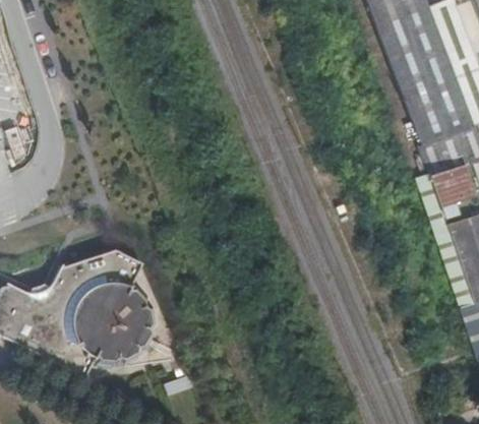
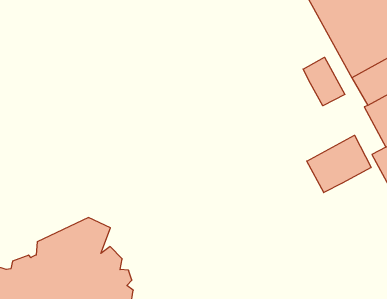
building: none -> [303,57,345,106]
building: none -> [307,135,371,193]

